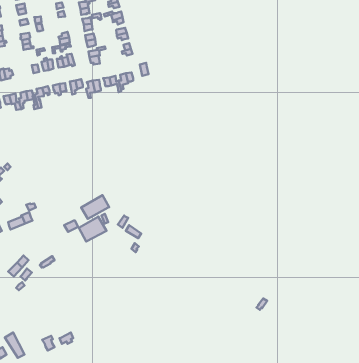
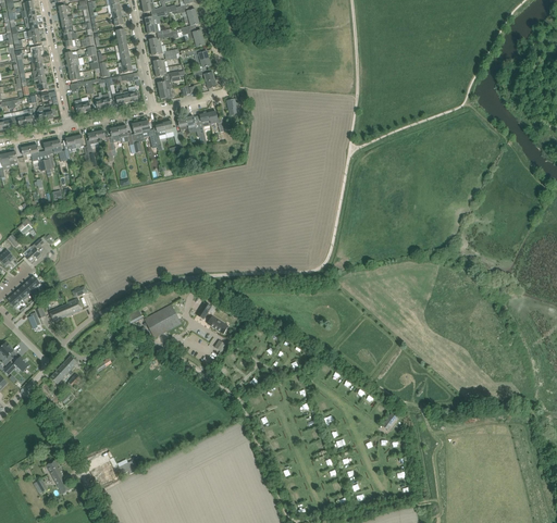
building: [81,195,109,219] -> none

